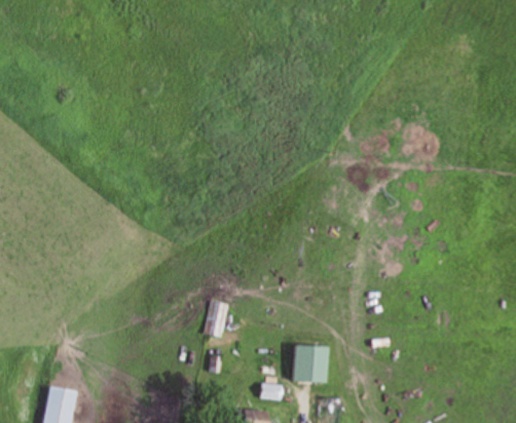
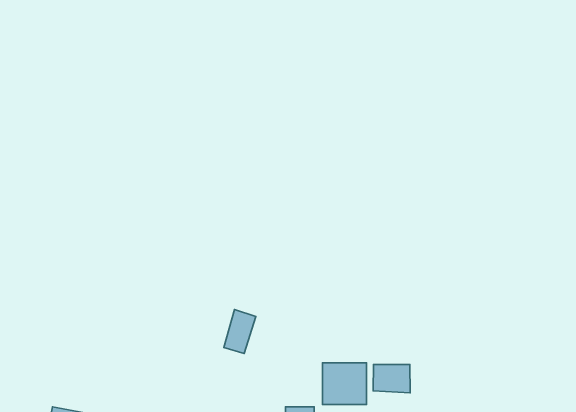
building: none -> [373,365,410,393]

